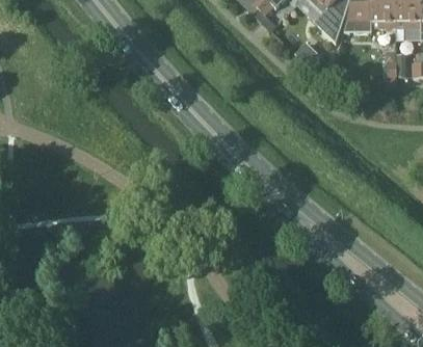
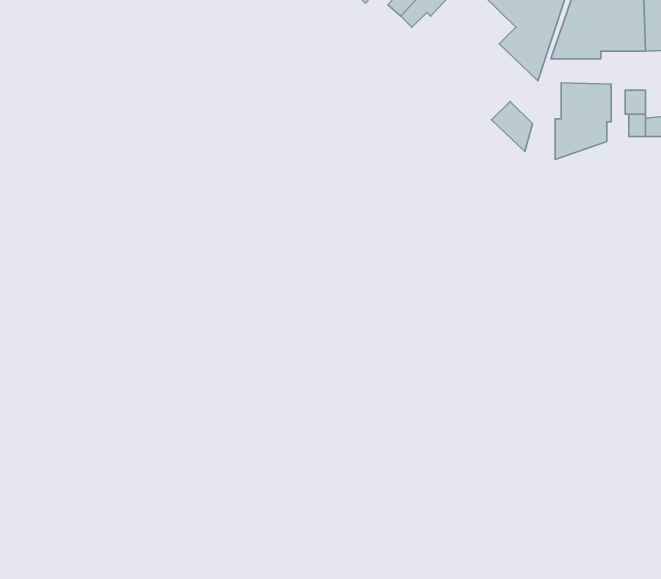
building: none -> [555,83,611,160]

